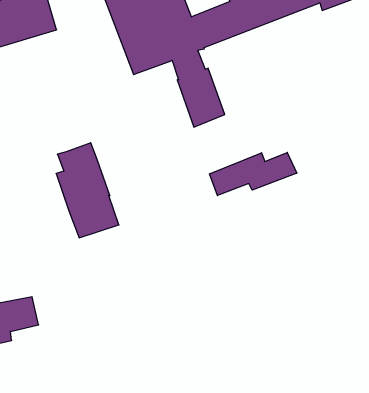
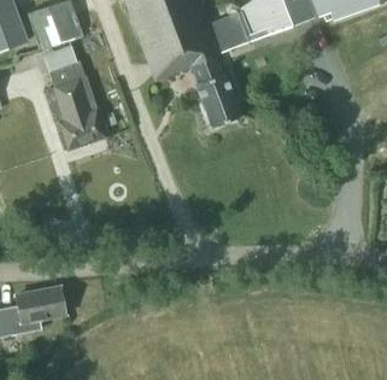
building: [56,143,119,238] -> [46,60,105,150]
building: [209,152,297,196] -> none

